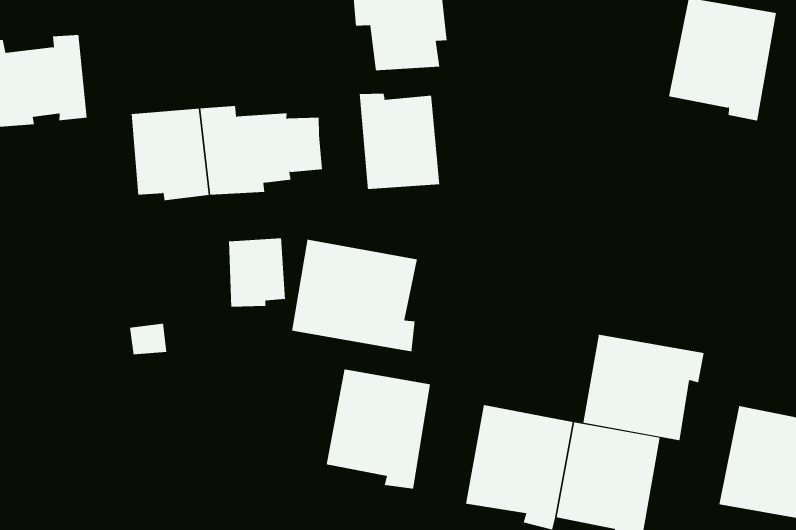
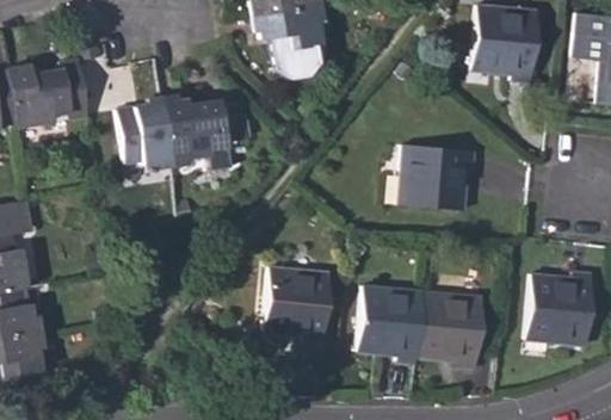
building: [359,93,440,190] -> none
building: [229,238,285,307] -> none
building: [291,239,417,352] -> none
building: [582,334,705,441] -> [399,144,476,211]

